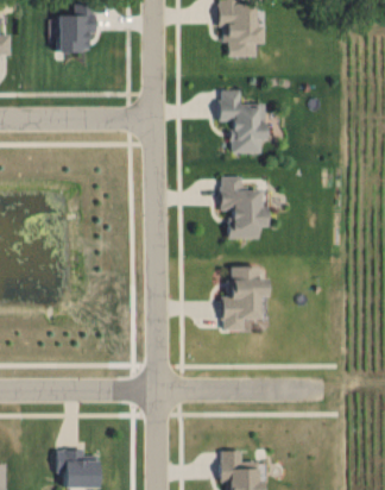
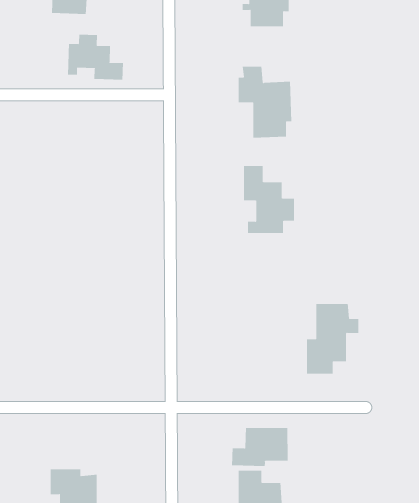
building: none -> [67,34,123,80]
building: [221,269,267,331] -> [306,303,359,374]
building: none -> [231,427,288,467]

